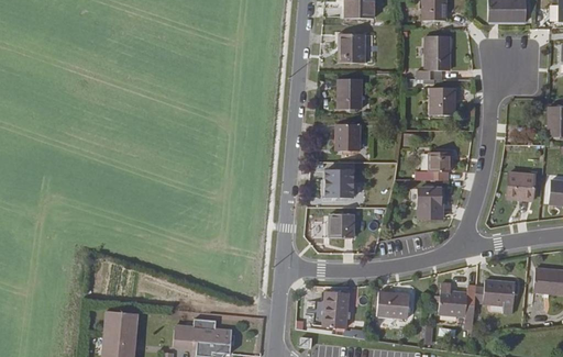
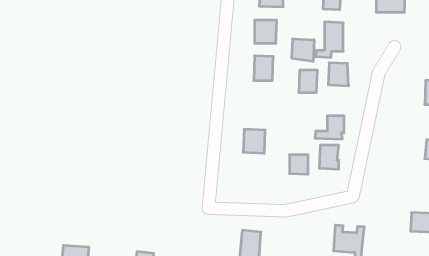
building: none -> [292,39,314,61]
building: [336,122,360,149] -> [299,70,317,92]
building: [507,171,537,198] -> none
building: [329,212,352,236] -> [289,155,308,174]
building: [474,282,515,316] -> none
building: [376,292,409,319] -> none

